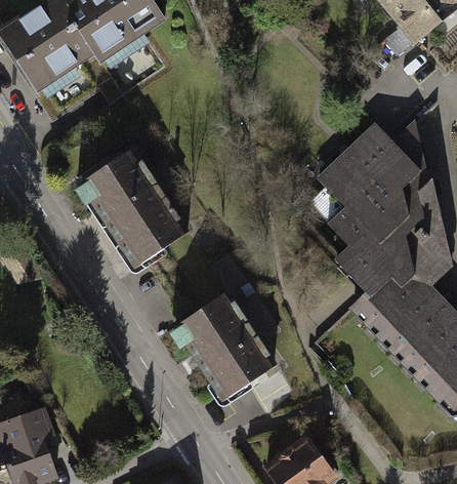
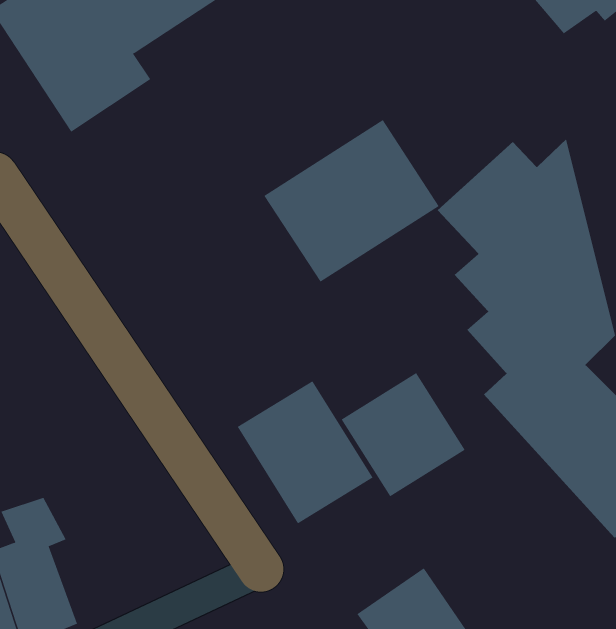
building: none -> [264,119,440,283]
building: [79,149,193,273] -> none
building: none -> [341,372,465,497]

